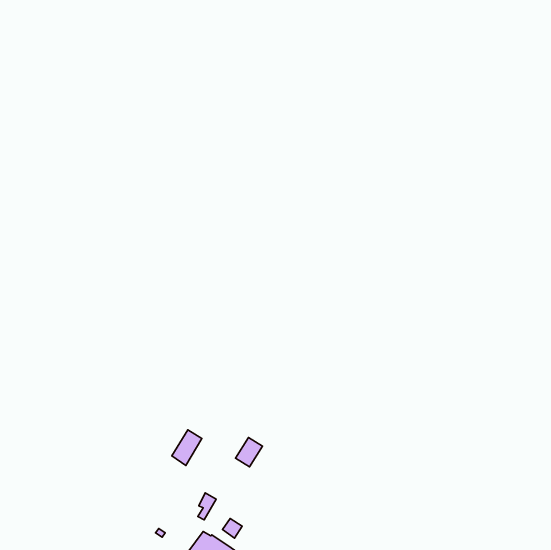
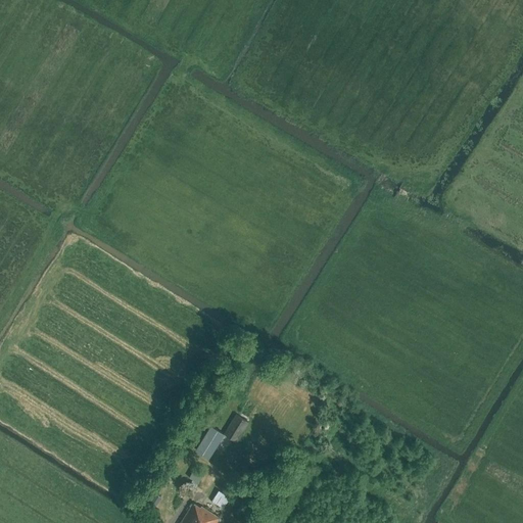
building: [172,430,202,466] -> [195,427,224,461]

